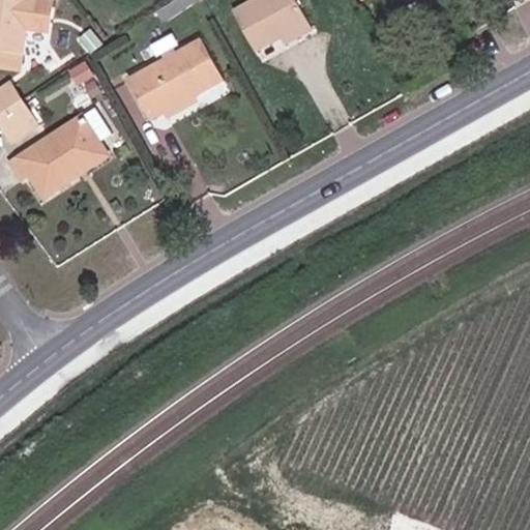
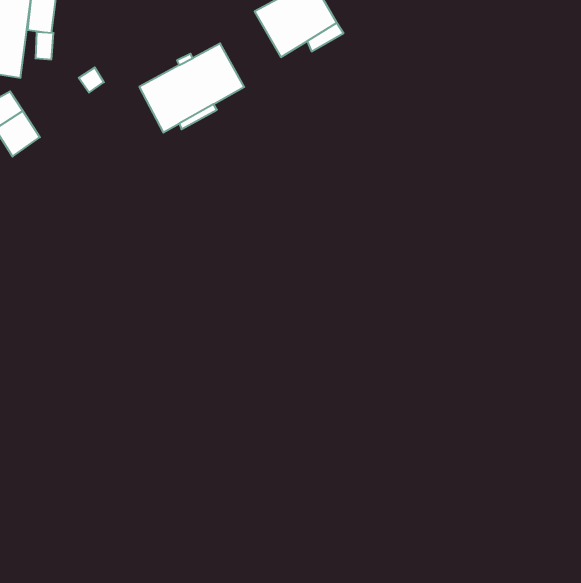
building: [8,106,118,198] -> none

